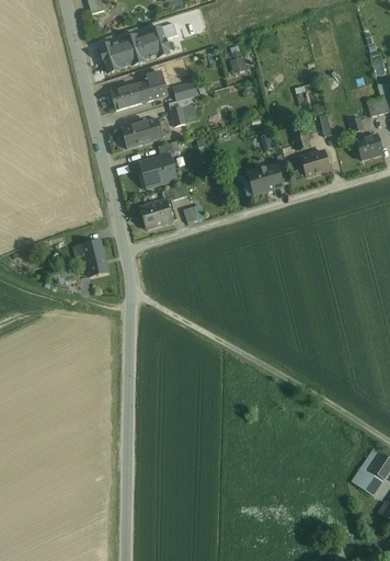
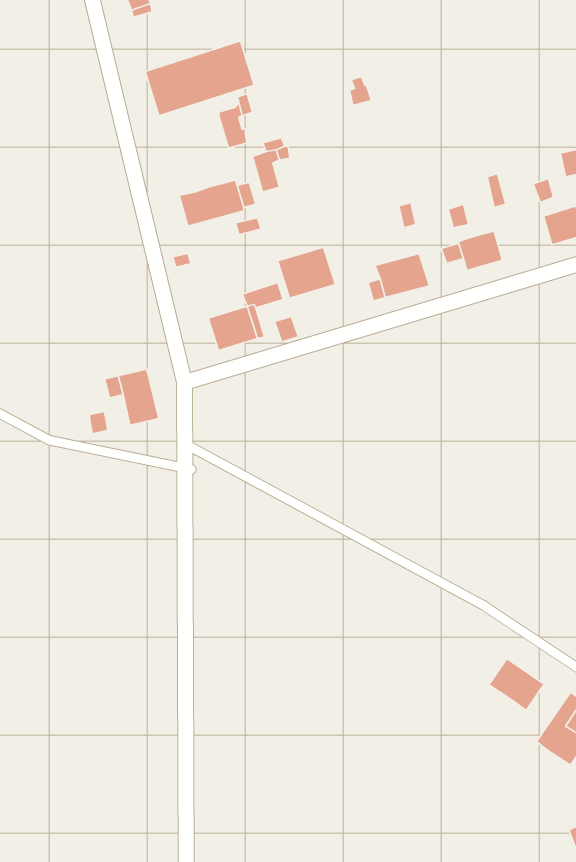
building: [111,78,154,110] -> none
building: [139,153,176,186] -> [278,247,335,298]
building: none -> [489,658,544,710]

